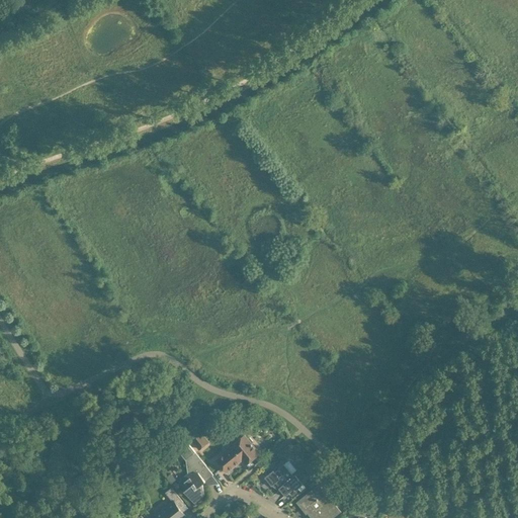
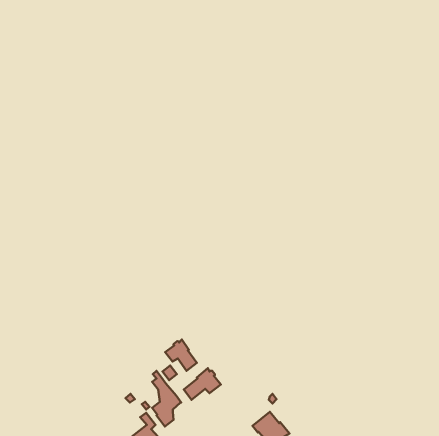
building: none -> [165,340,197,371]
building: [265,466,303,499] -> none

